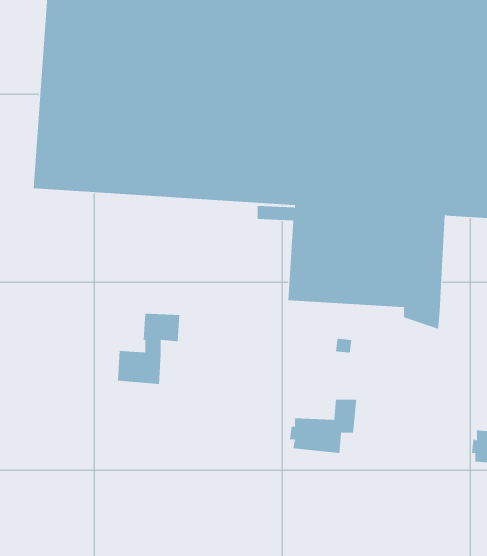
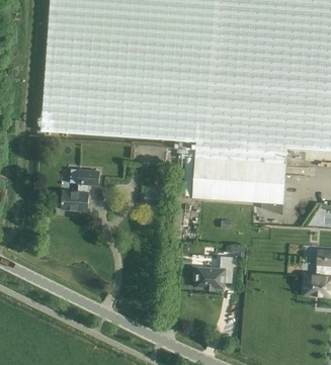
building: [117,313,180,384] -> [62,168,99,210]

